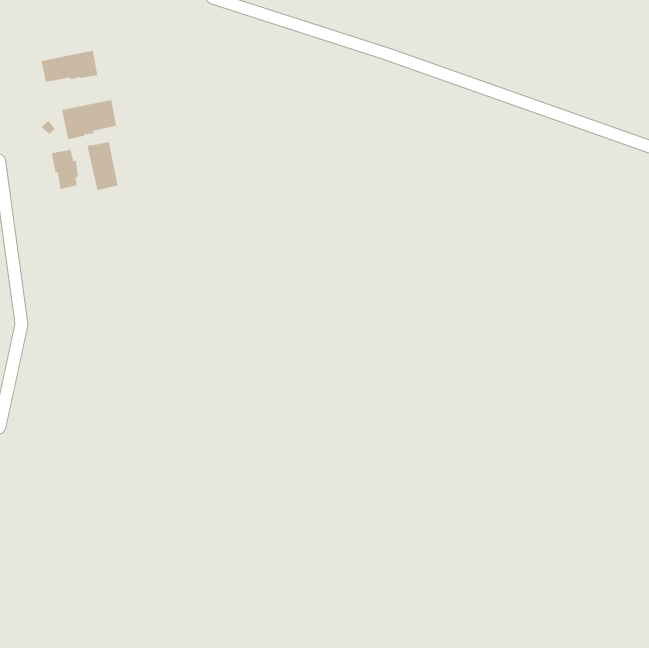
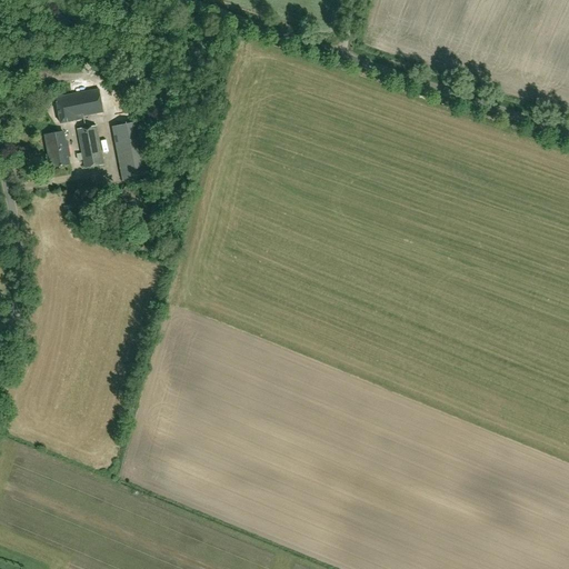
building: [40,50,98,83] -> none
building: none -> [111,119,150,179]

